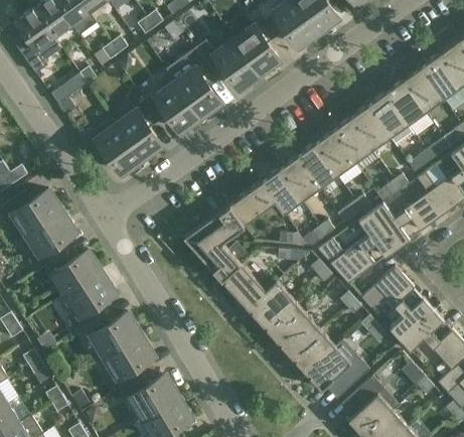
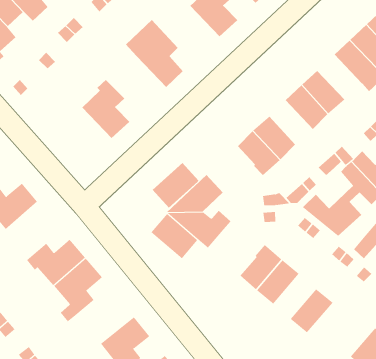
building: [195,40,259,89] -> none
building: [143,83,200,131] -> none
building: [349,106,391,151] -> none
building: [81,119,141,173] -> none
building: [297,144,337,188] -> none
building: [228,182,276,226] -> [152,162,199,209]
building: [26,210,74,271] -> none
building: [220,262,266,308] -> [151,213,198,259]
building: [82,313,140,356] -> none
building: [277,314,320,356] -> none
building: [306,339,369,396] -> none

